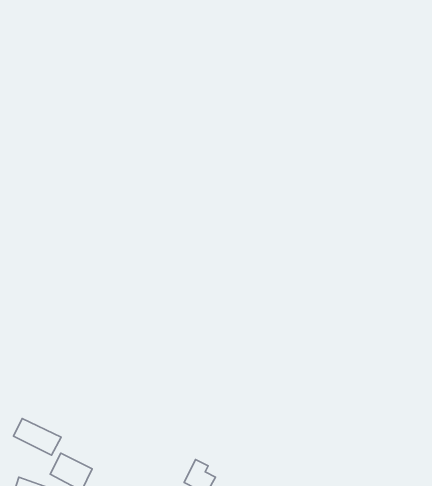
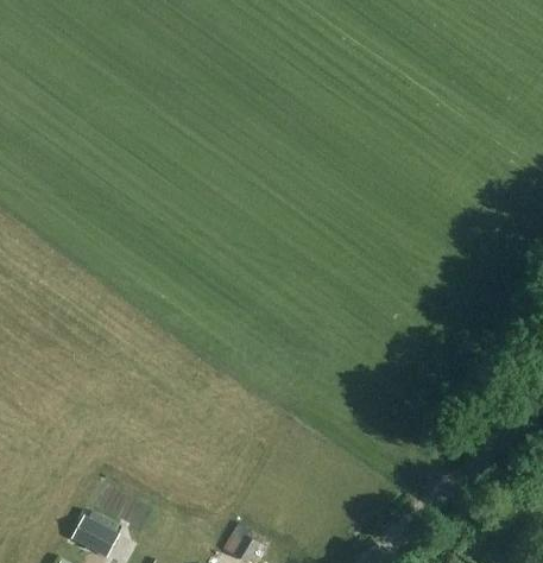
building: [13,419,61,455] -> none

